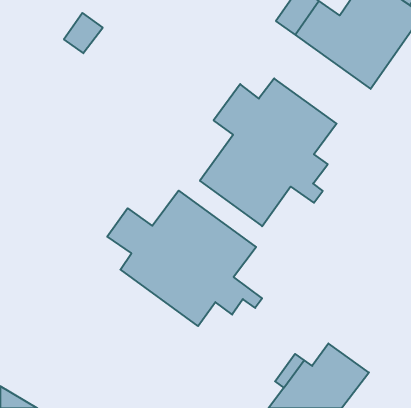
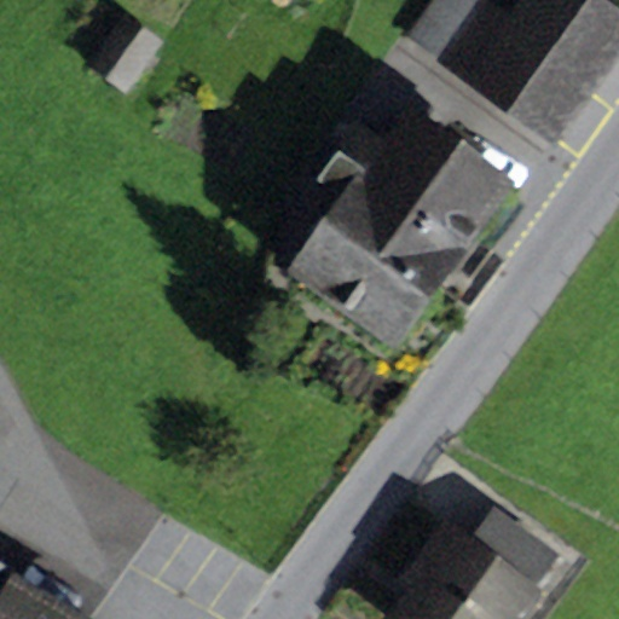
building: [107,191,262,326] -> none

